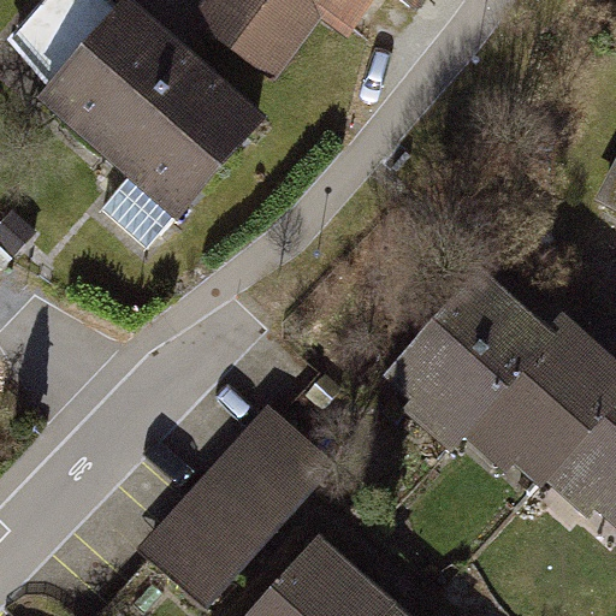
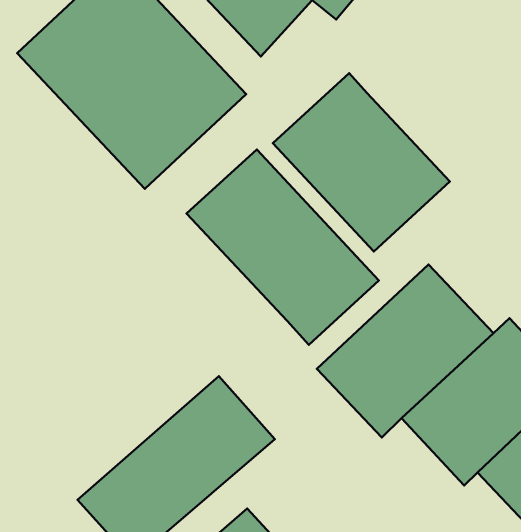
building: none -> [273,73,450,251]
building: none -> [187,149,379,345]

